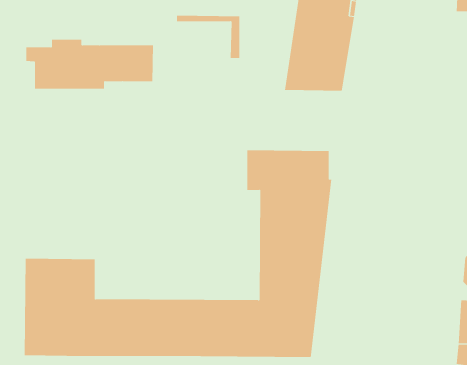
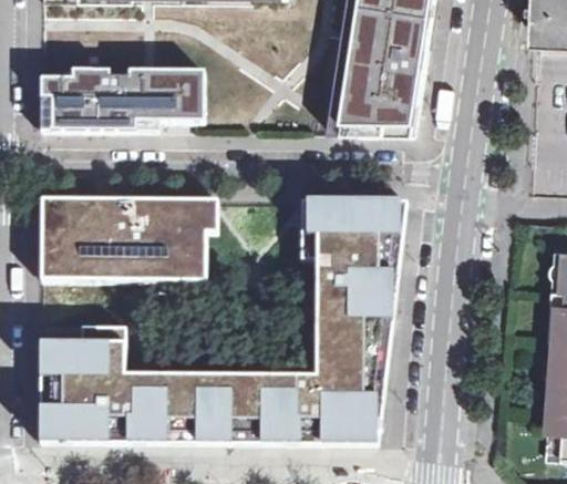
building: [176,15,240,59] -> [126,68,202,119]
building: none -> [39,197,204,278]

